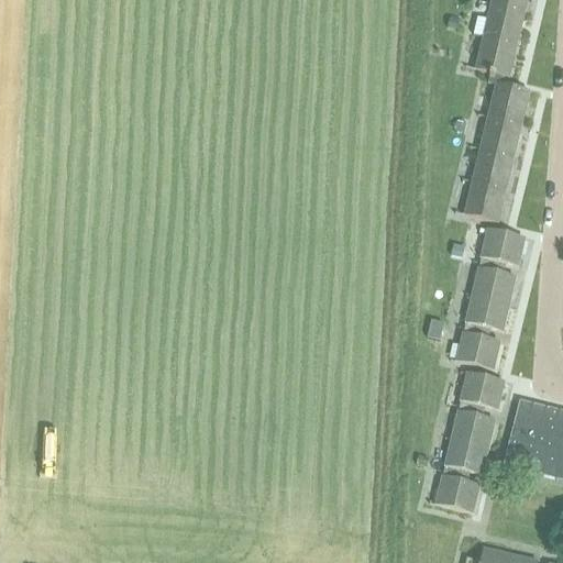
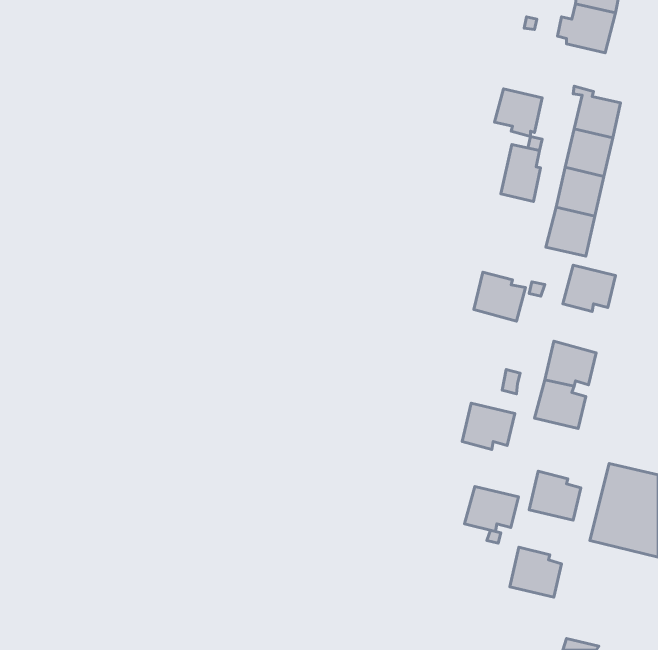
building: [476,37,517,78] -> [494,89,542,136]
building: none -> [501,145,541,201]
building: [473,260,517,301] -> [474,272,525,321]
building: [460,369,505,409] -> [462,403,515,449]
building: [443,435,489,474] -> [465,486,519,532]

